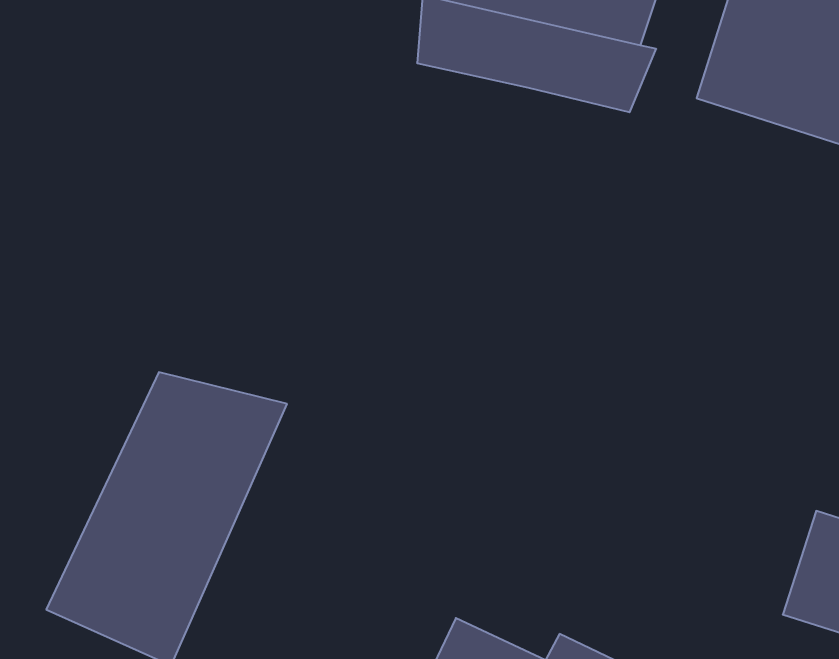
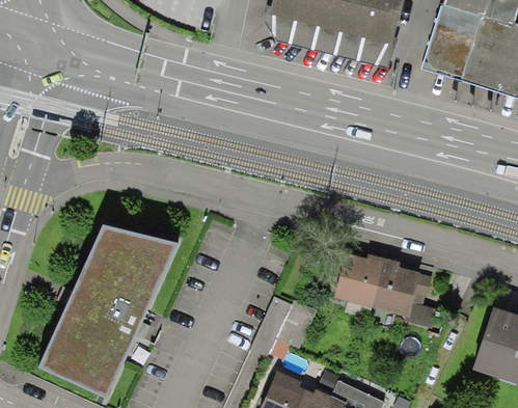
building: none -> [337,252,424,316]

